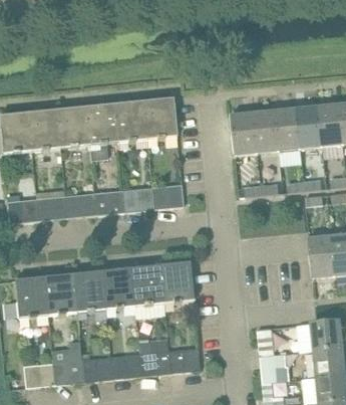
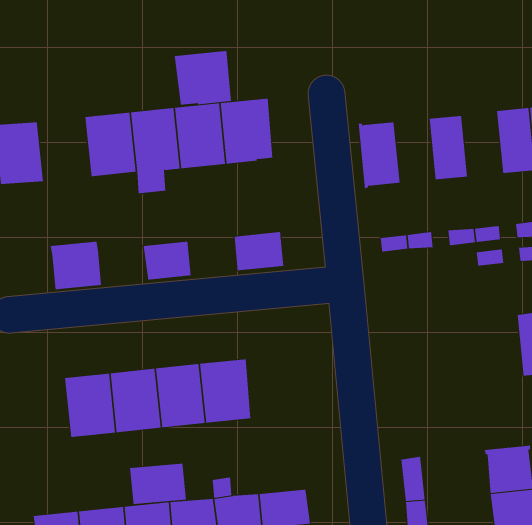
building: none -> [174,50,232,105]
building: [296,106,322,148] -> none
building: [25,110,59,151] -> none
building: [253,111,279,152] -> none
building: [121,186,152,211] -> none
building: [64,192,95,217] -> none
building: [6,198,36,223] -> none
building: [308,236,335,278] -> none
building: [158,261,193,302] -> none
building: [14,276,46,317] -> none
building: none -> [130,463,187,505]

